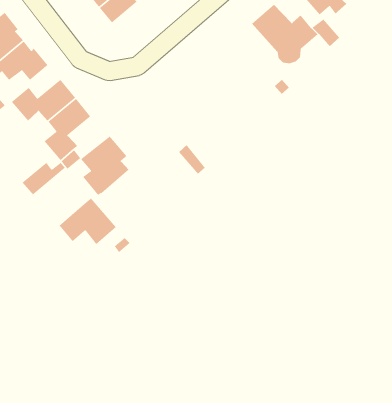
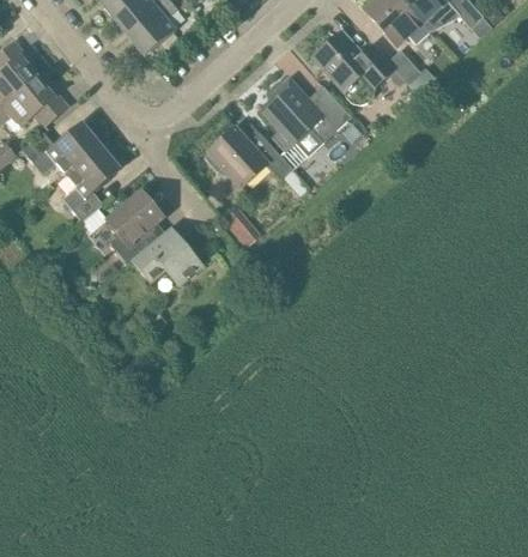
building: none -> [262,78,351,157]
building: none -> [204,127,291,187]
building: [22,162,66,195] -> none
building: [59,198,117,245] -> [132,228,202,285]

